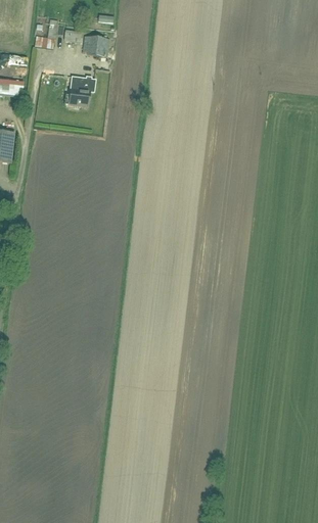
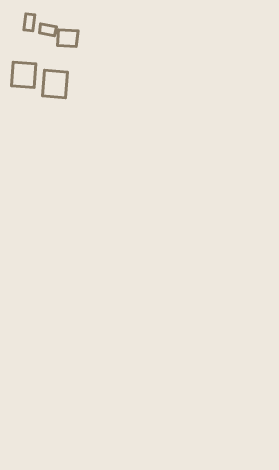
building: none -> [11,62,36,88]

